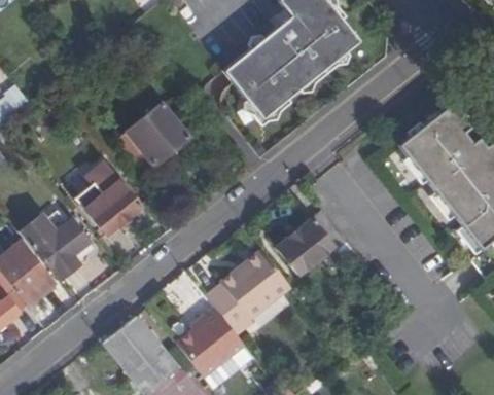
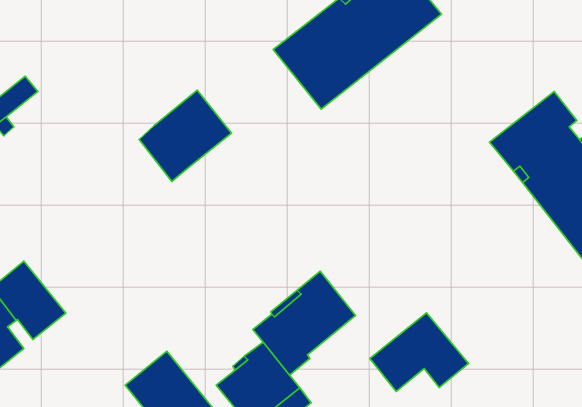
building: [78,161,142,236] -> none
building: [20,210,90,279] -> none
building: [276,210,356,274] -> [370,313,468,391]

